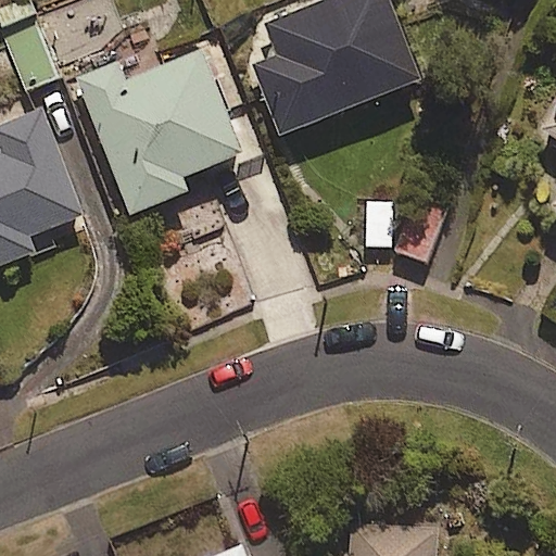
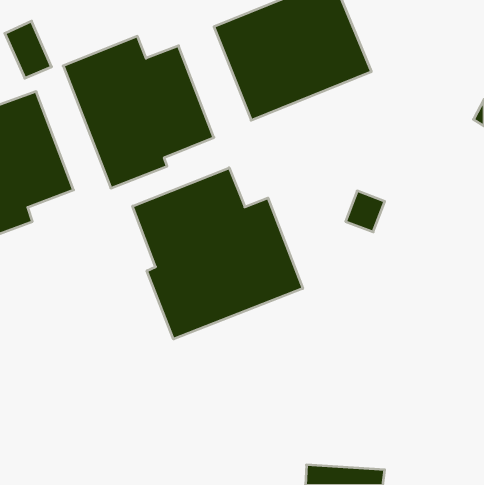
building: none -> [133,168,303,339]

